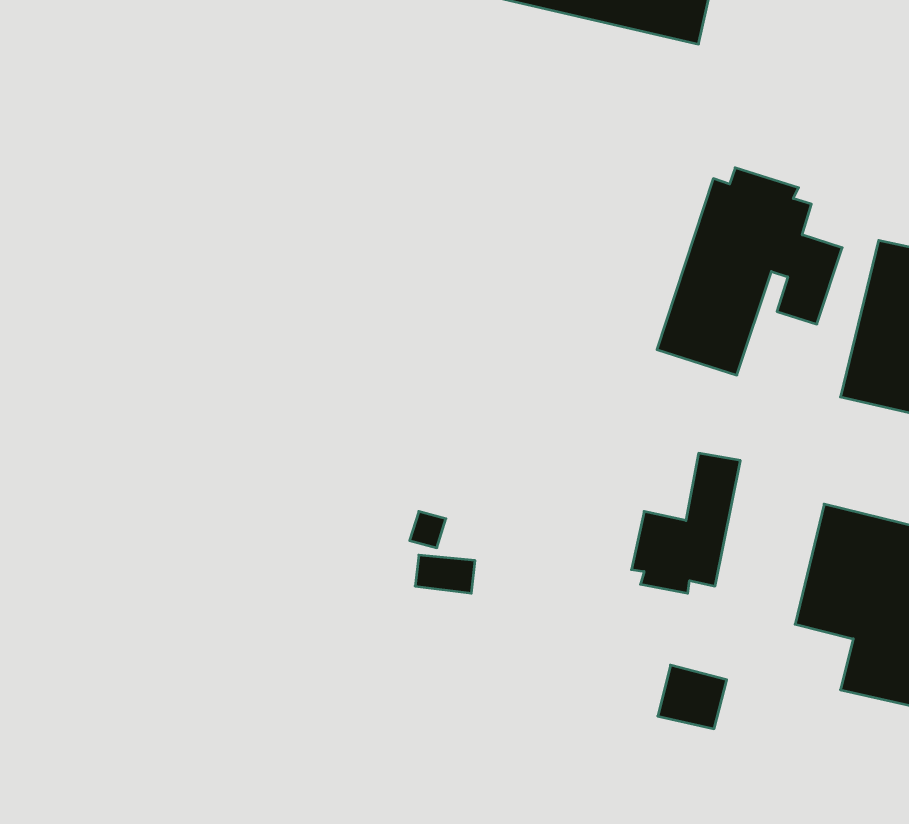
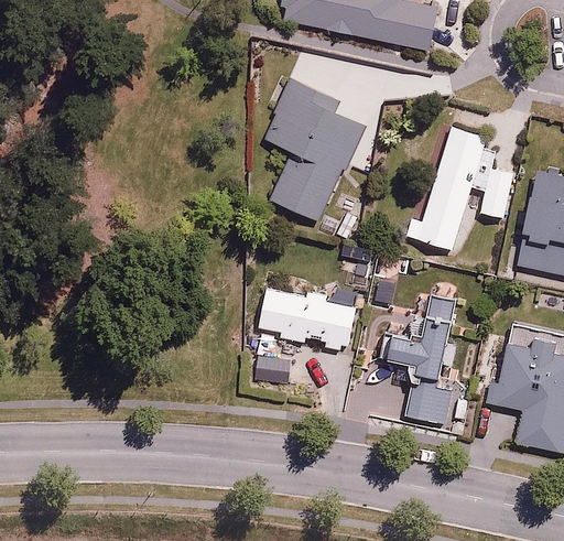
building: none -> [261,75,367,219]
building: none -> [257,285,355,355]
building: [658,665,727,729] -> [408,386,449,424]

